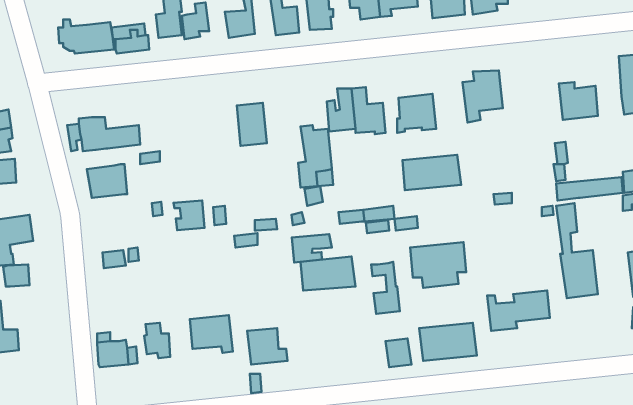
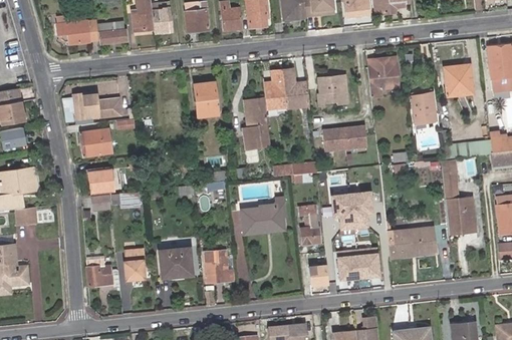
building: none -> [412,92,435,122]
building: [173,200,205,230] -> [89,169,113,193]
building: [292,234,332,262] -> none

